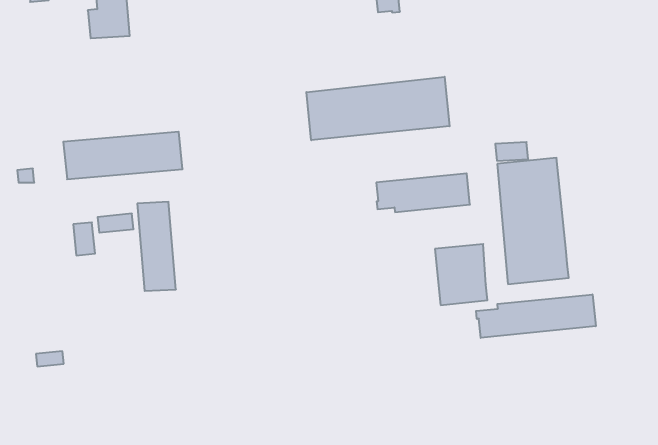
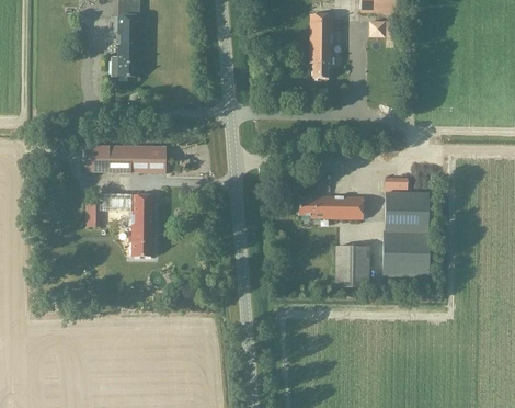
building: [306,77,450,140] -> none
building: [476,294,596,338] -> none

